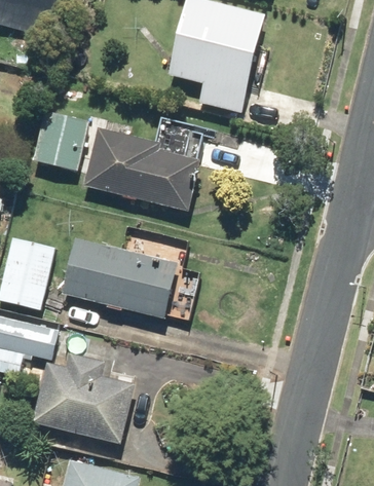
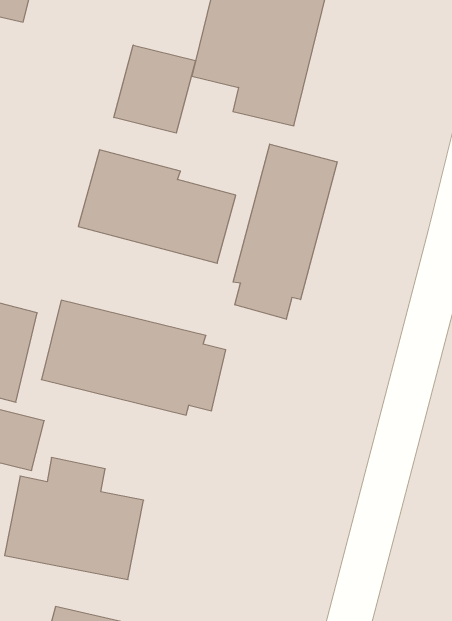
building: none -> [114,45,196,133]
building: [33,113,88,172] -> none
building: none -> [233,144,337,319]

